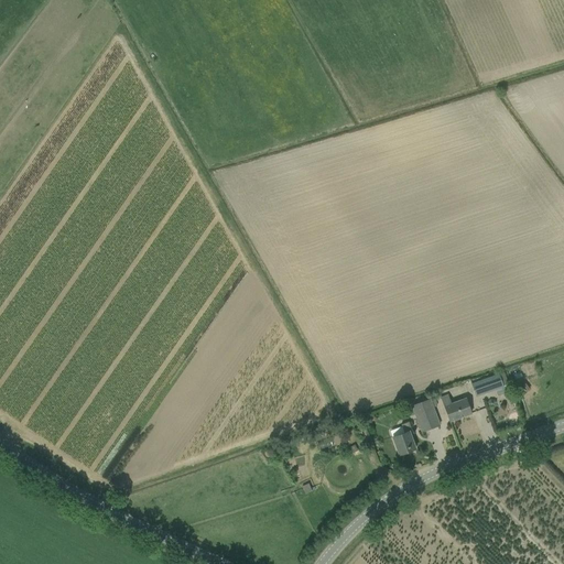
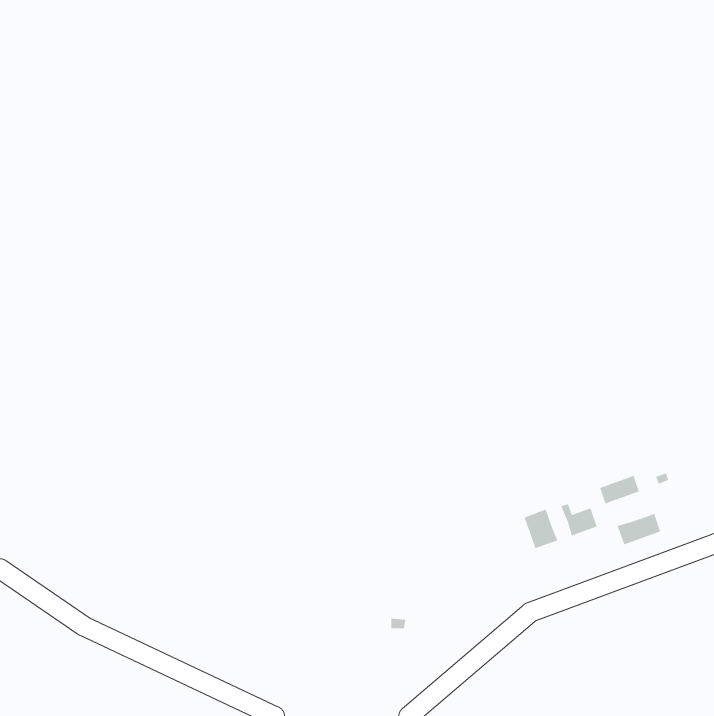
building: none -> [617,513,661,545]
building: [391,422,416,455] -> none

